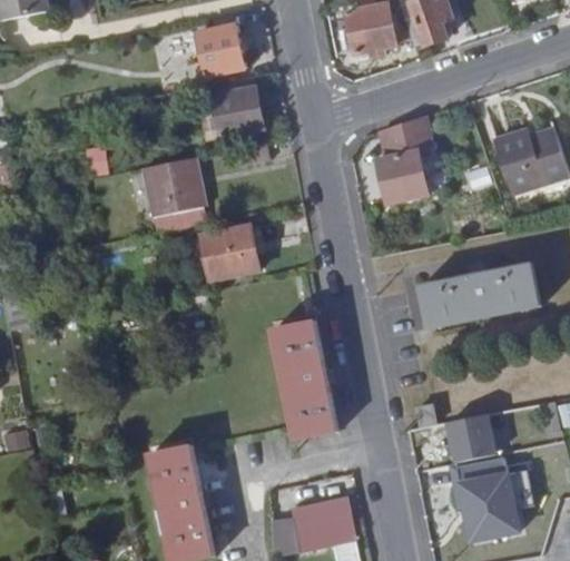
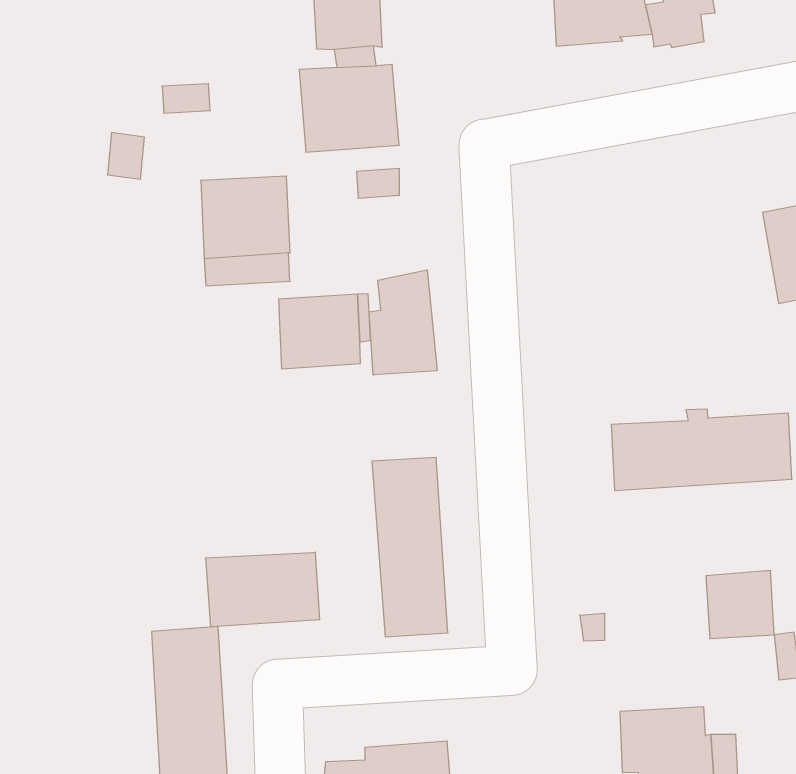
building: [379,118,428,204] -> none
building: none -> [369,270,437,375]
building: none -> [206,552,320,627]
building: [446,414,494,462] -> [706,570,774,639]

